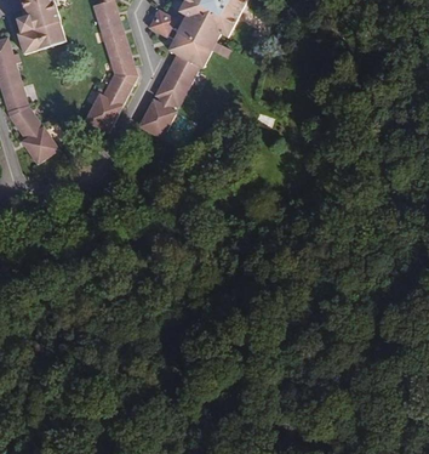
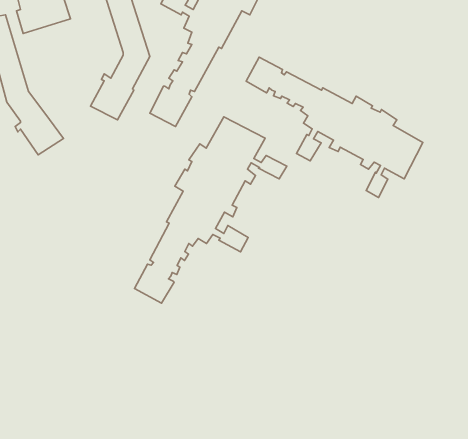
building: none -> [246,57,423,197]
building: none -> [134,117,287,303]

